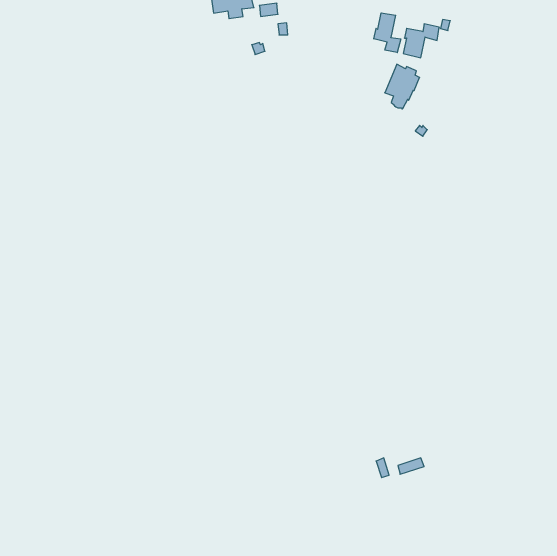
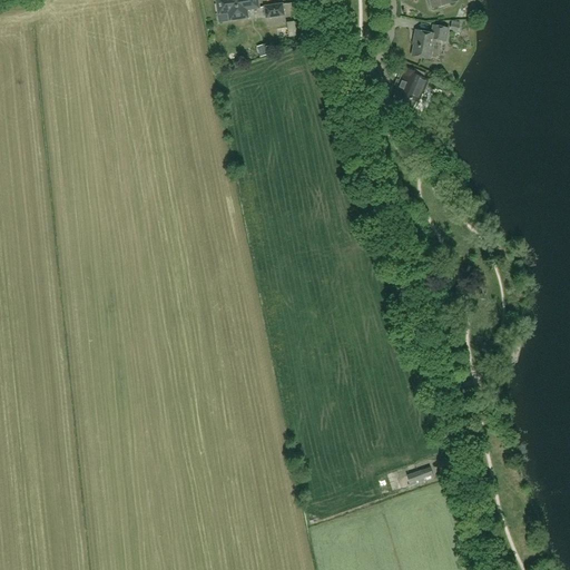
building: [374,13,401,53] -> none

